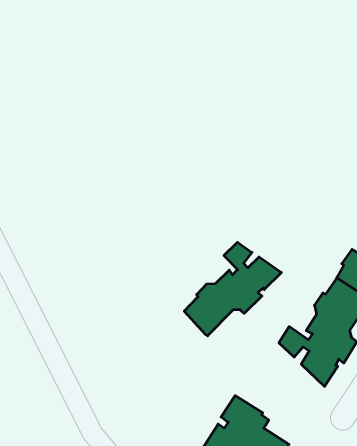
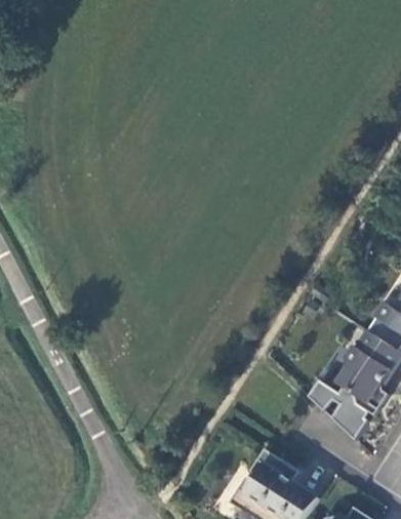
building: [184,242,281,336] -> none

